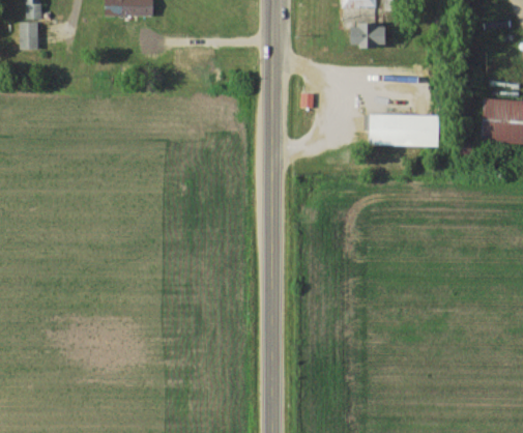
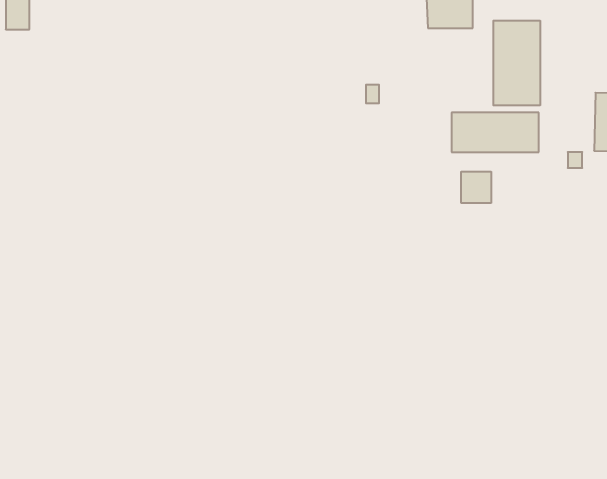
building: none -> [493,21,540,105]
building: none -> [461,172,491,203]

